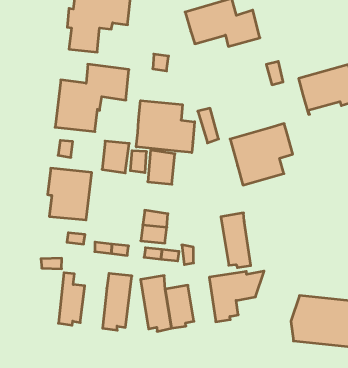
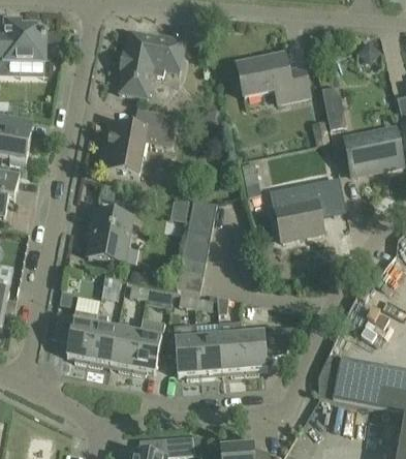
building: none -> [321,85,346,128]
building: [136,101,195,153] -> none
building: [102,141,129,173] -> [182,230,211,263]
building: [221,213,251,268] -> [218,320,244,374]
building: none -> [51,309,97,363]
building: none -> [110,328,138,371]

